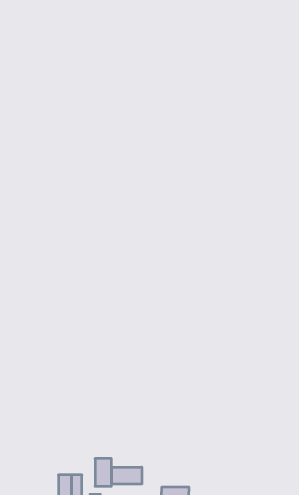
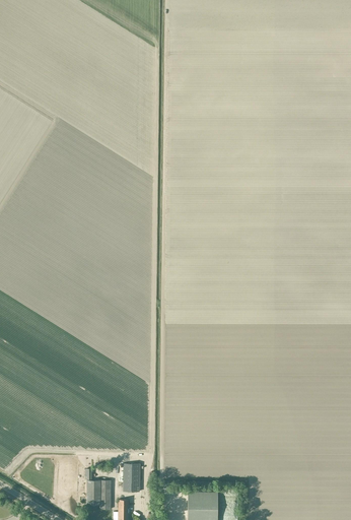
building: [112,467,142,484] -> none

